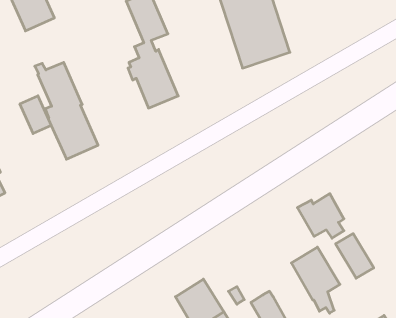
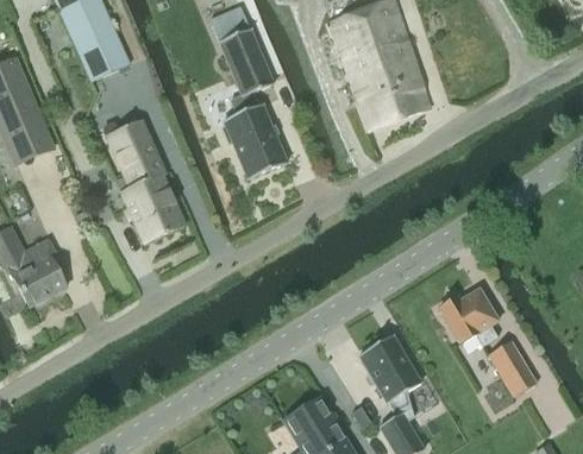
building: [20,96,51,134] -> none
building: [291,247,340,313] -> [359,334,421,418]

